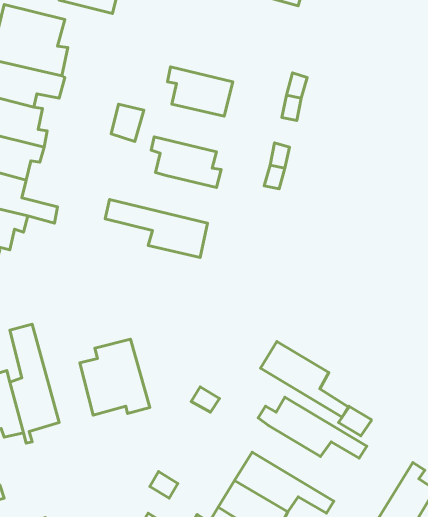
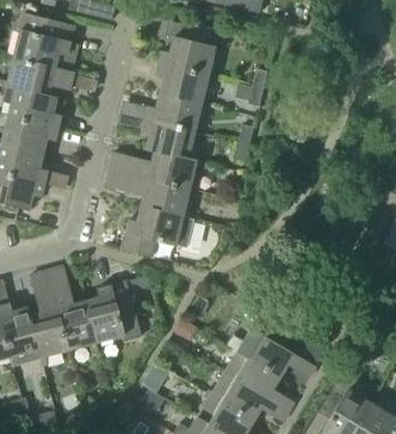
building: none -> [157,24,218,75]
building: none -> [144,93,200,131]
building: none -> [109,150,194,188]
building: none -> [122,206,181,256]
building: none -> [47,265,97,352]
building: [260,341,348,417] -> [223,351,293,411]

